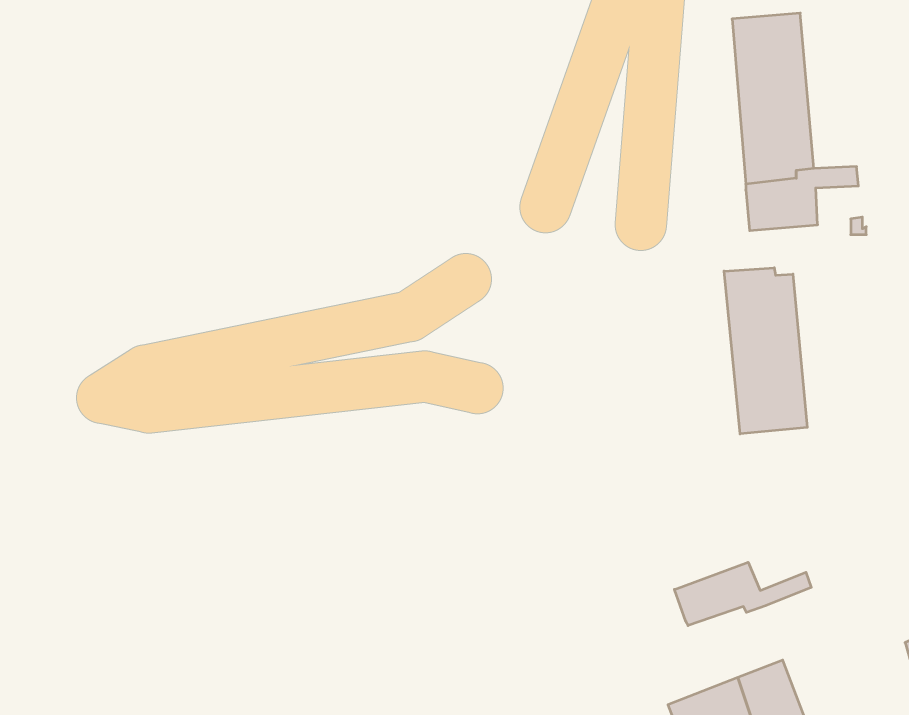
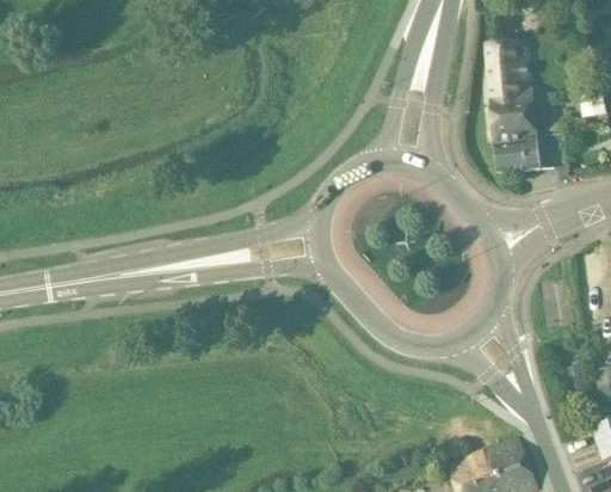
building: [724,268,807,434] -> none
building: [674,562,811,626] -> none

